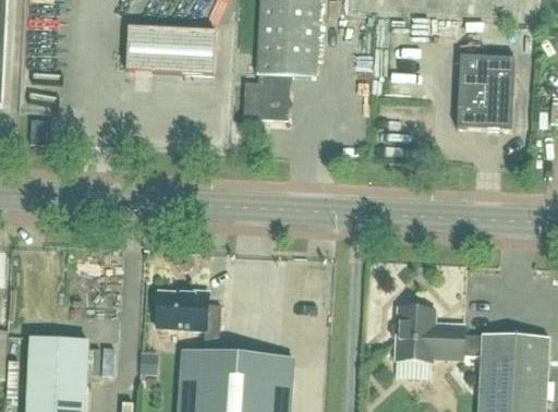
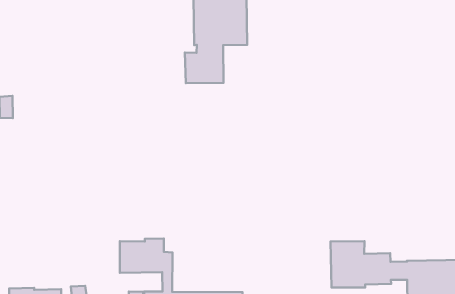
building: [126,25,216,73] -> none
building: [456,53,514,129] -> none

